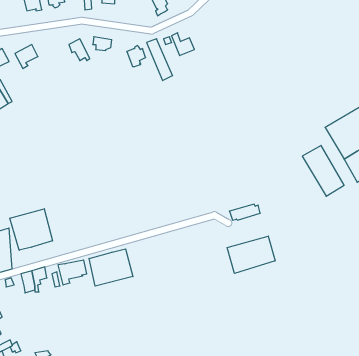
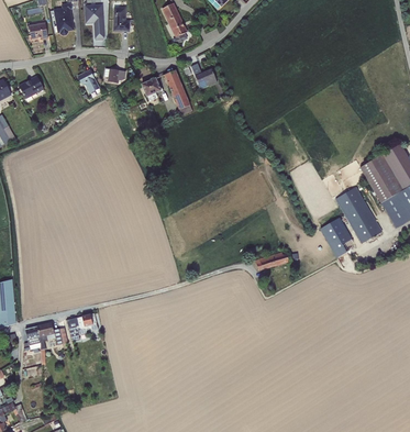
building: none -> [320,218,356,257]
building: [10,209,52,250] -> none
building: [227,236,275,273] -> none
building: [89,249,133,286] -> none

